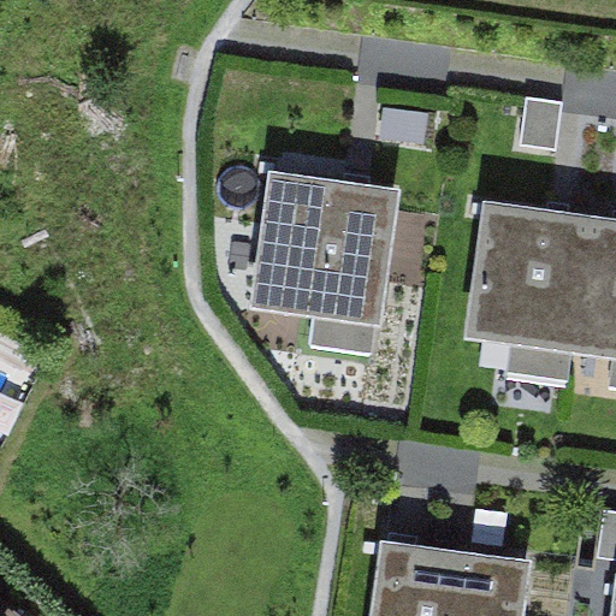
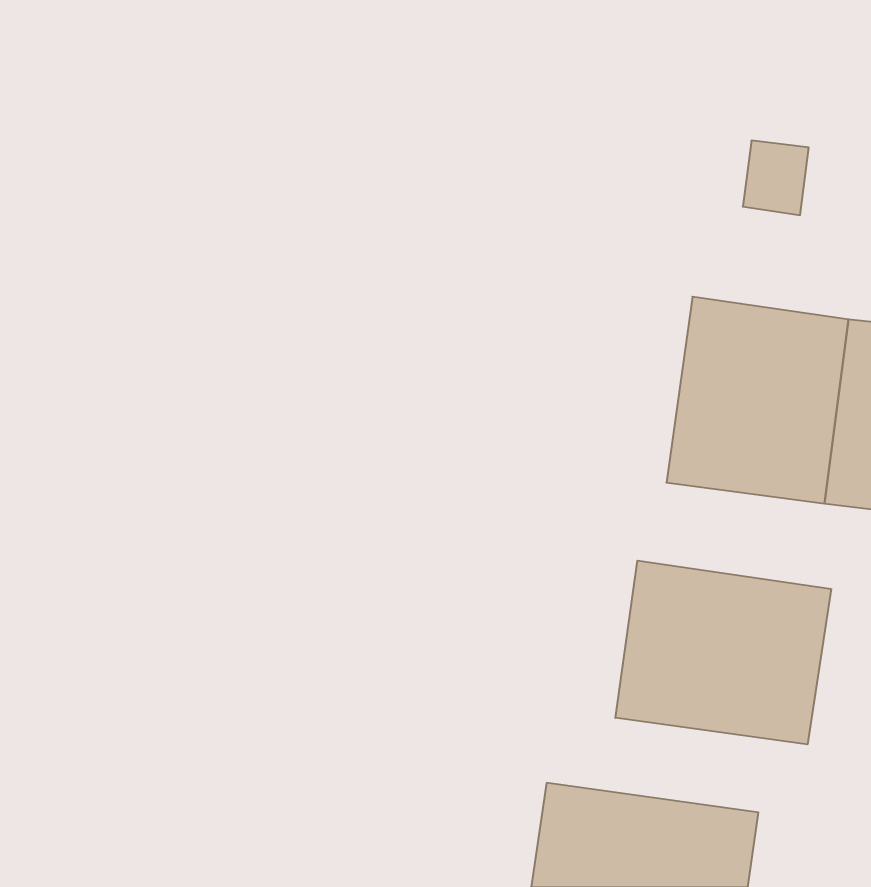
building: [254,172,401,322] -> none
building: none -> [615,561,831,744]

